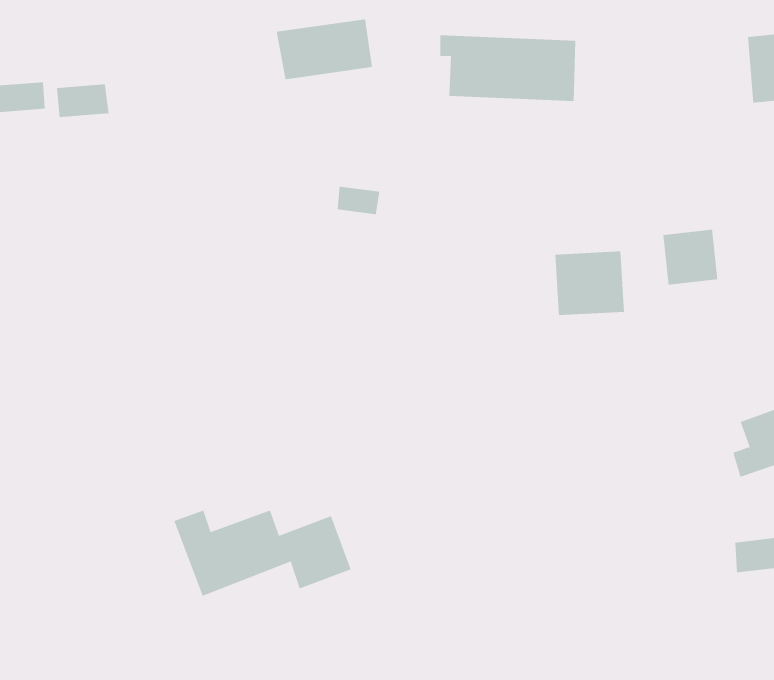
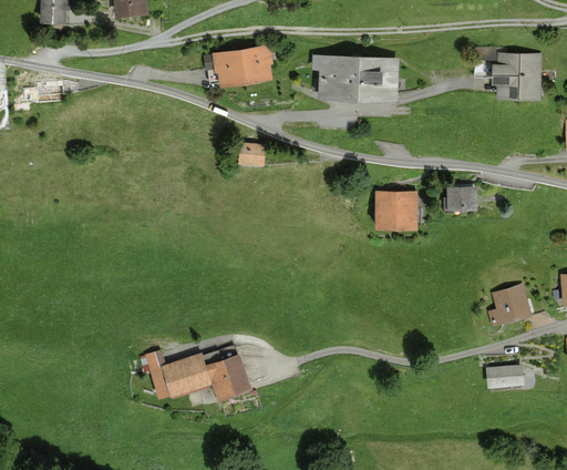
building: [57,84,109,118] -> none

